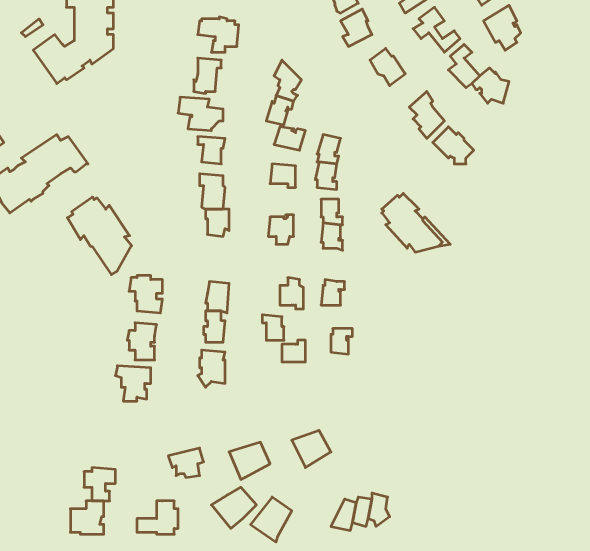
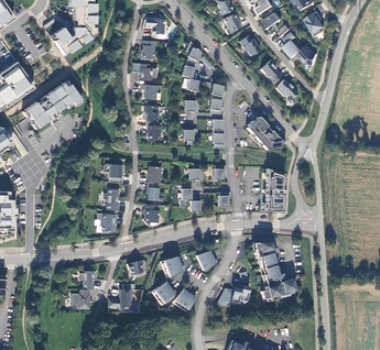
building: [67,197,132,275] -> none
building: none -> [260,168,283,211]
building: none -> [252,243,294,302]

